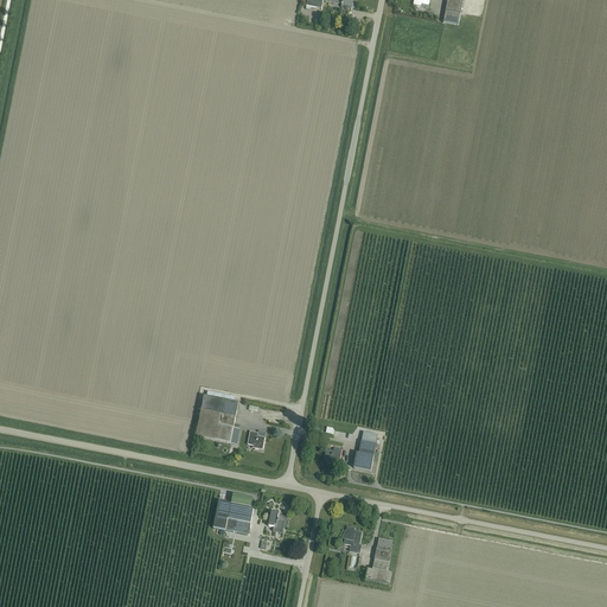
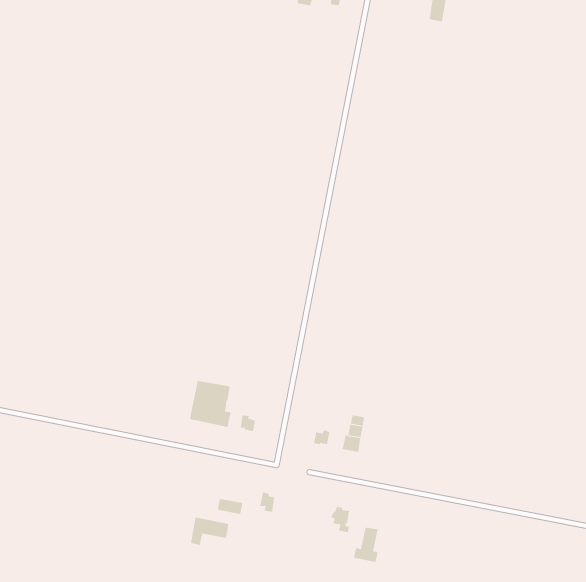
building: [213,498,254,528] -> [190,517,229,545]

